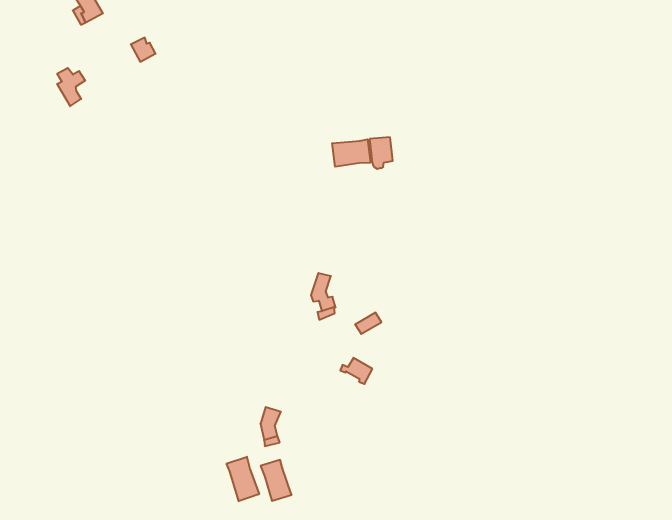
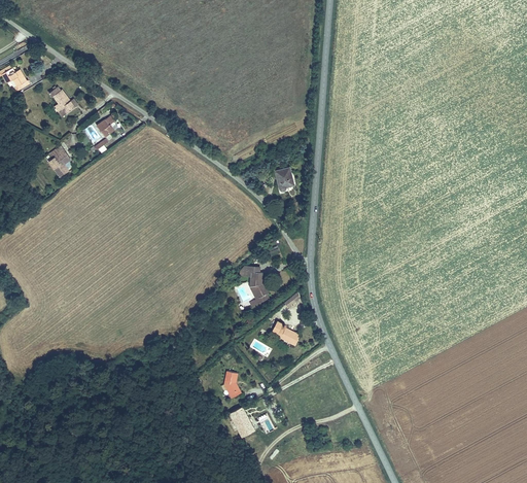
building: [332,139,370,167] -> none
building: [227,457,259,501] -> none

